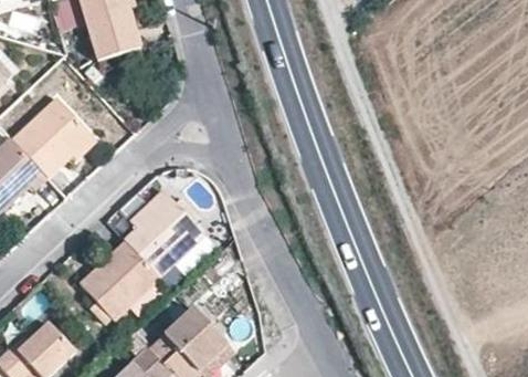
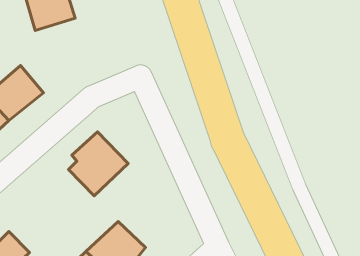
building: [80,239,159,320] -> none

